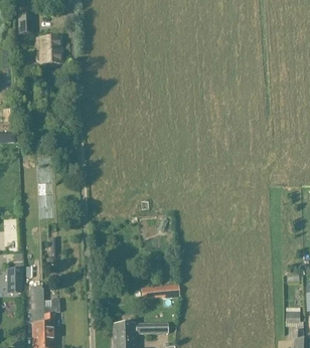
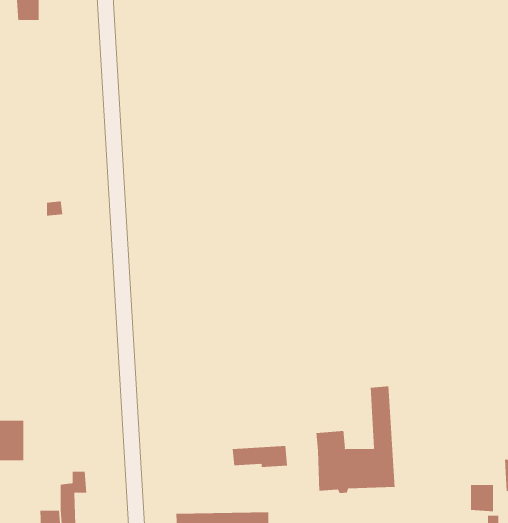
building: [34,35,60,62] -> none
building: none -> [316,386,395,494]

